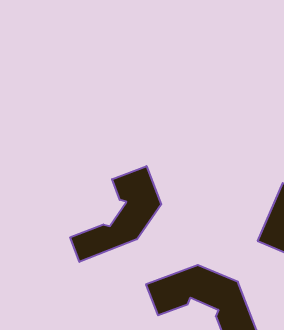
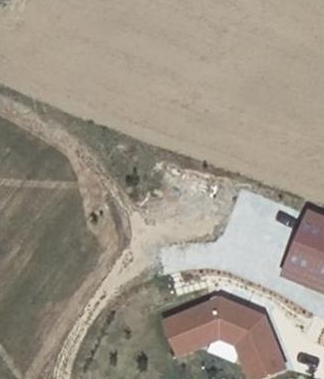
building: [70,166,161,262] -> none

